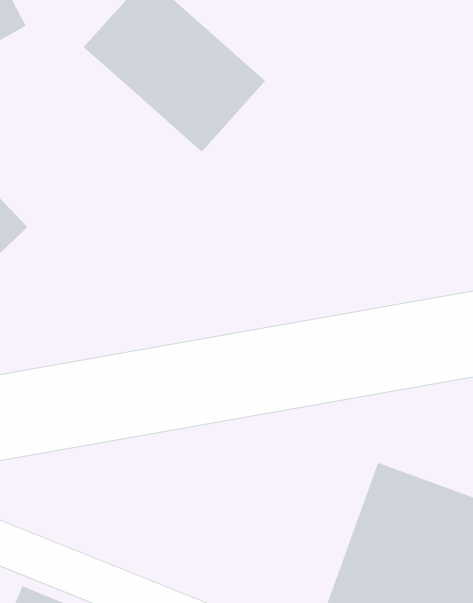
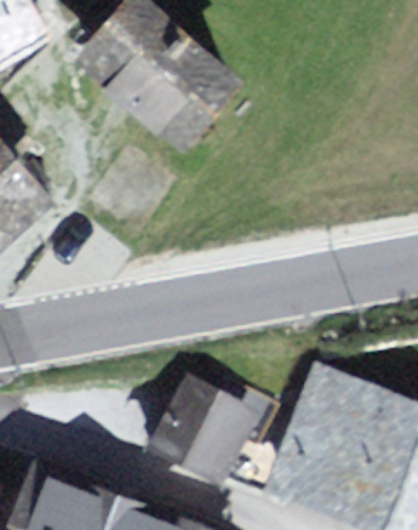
building: none -> [160,382,251,475]

